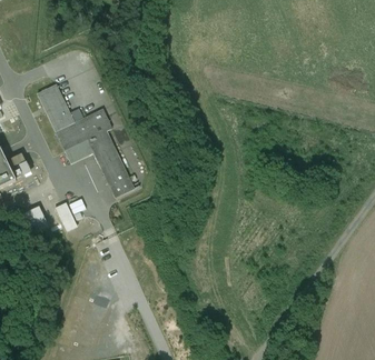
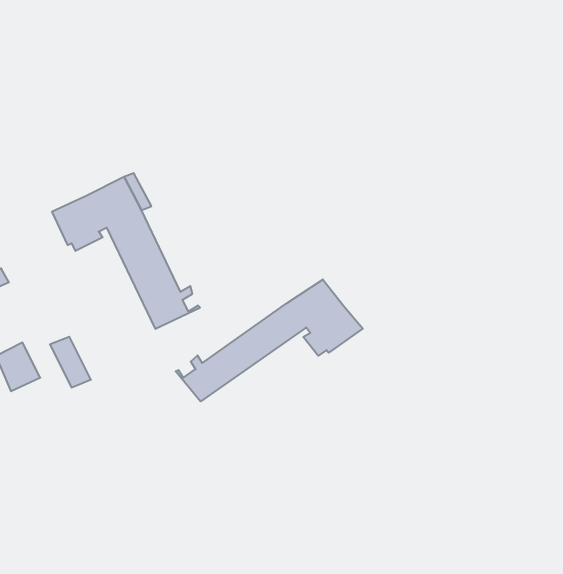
building: [37,84,73,131] -> none
building: none -> [176,279,363,401]

